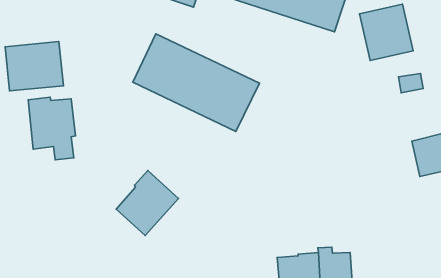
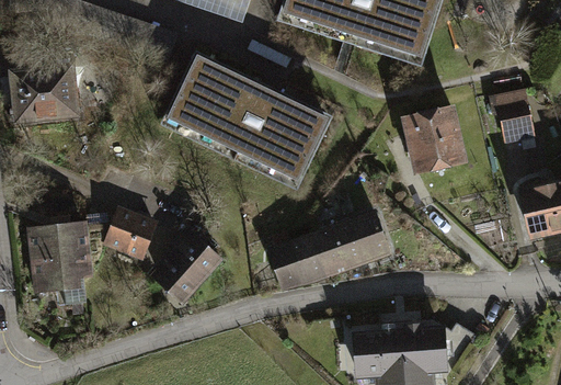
building: [359,4,413,61] -> [399,101,466,171]
building: [28,97,76,160] -> [26,225,85,303]
building: none -> [266,206,391,288]
building: none -> [105,207,160,262]

